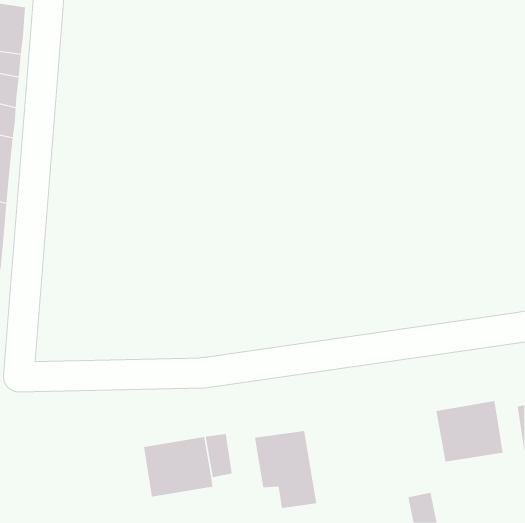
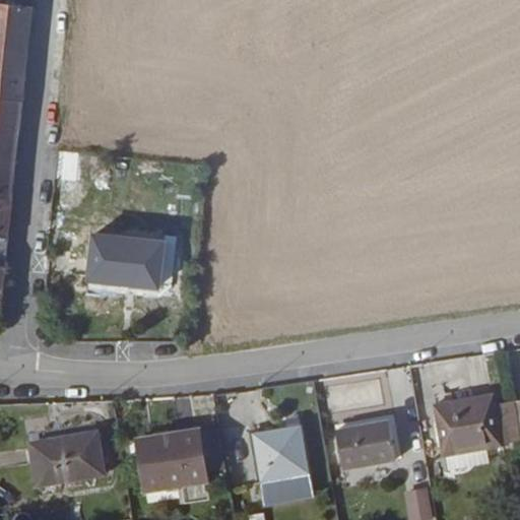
building: none -> [89,234,165,284]
building: none -> [335,422,394,470]
building: none -> [35,433,109,485]

